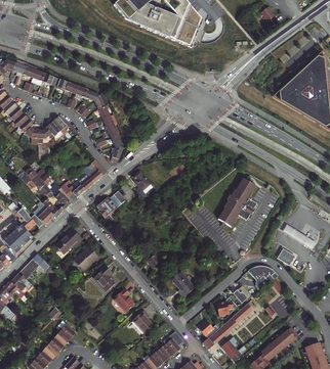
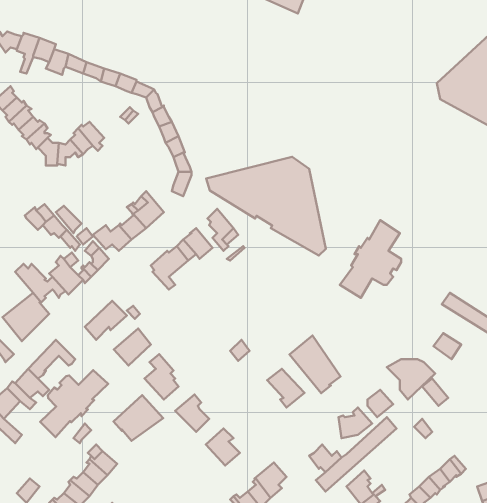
building: none -> [206,157,326,256]
building: none -> [289,336,341,393]
building: none -> [40,370,108,437]
building: none -> [113,395,163,441]

